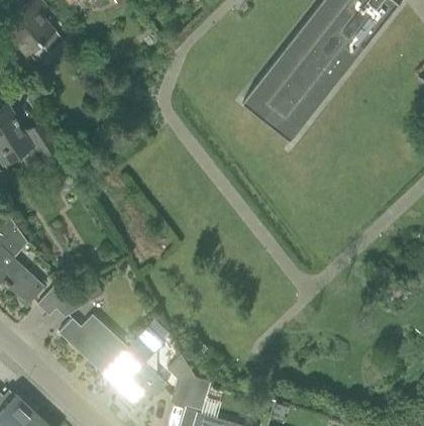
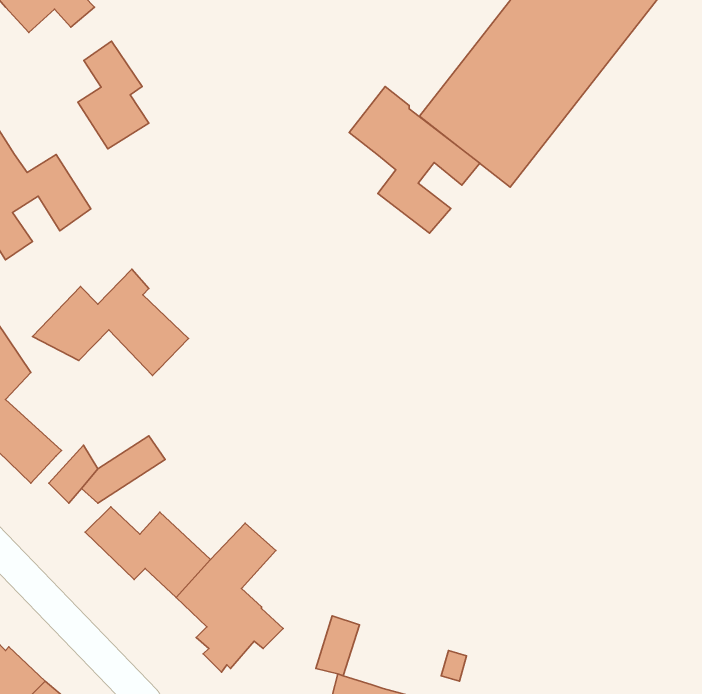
building: none -> [78,41,149,149]
building: none -> [349,87,480,233]
building: none -> [33,269,189,376]
building: [167,354,195,408] -> none

